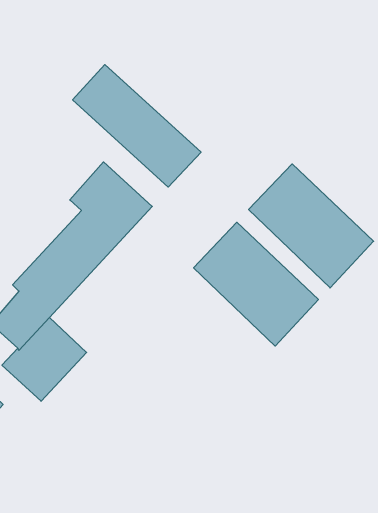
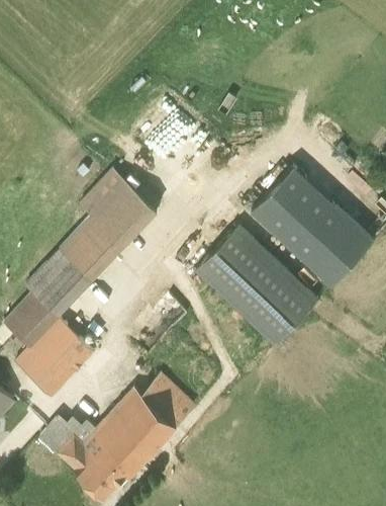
building: [73,65,201,187] -> none
building: none -> [40,374,195,496]

